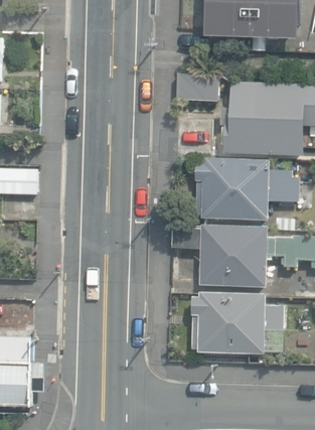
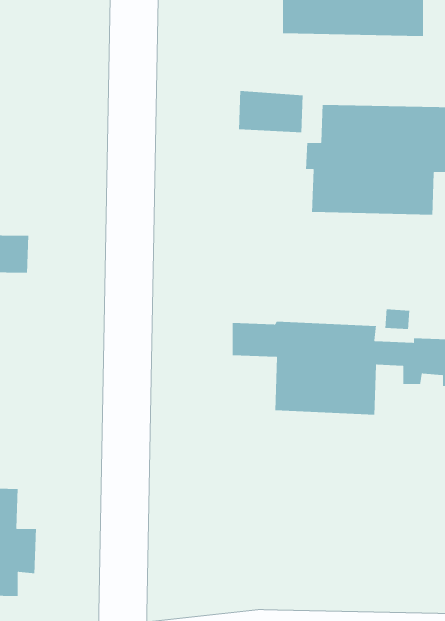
building: [193,157,300,220] -> none
building: [190,292,284,352] -> none

